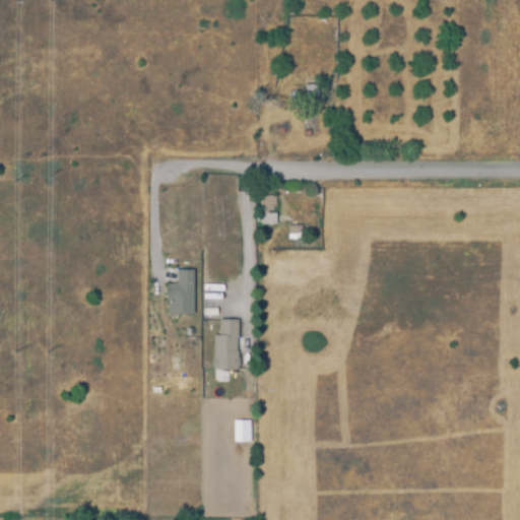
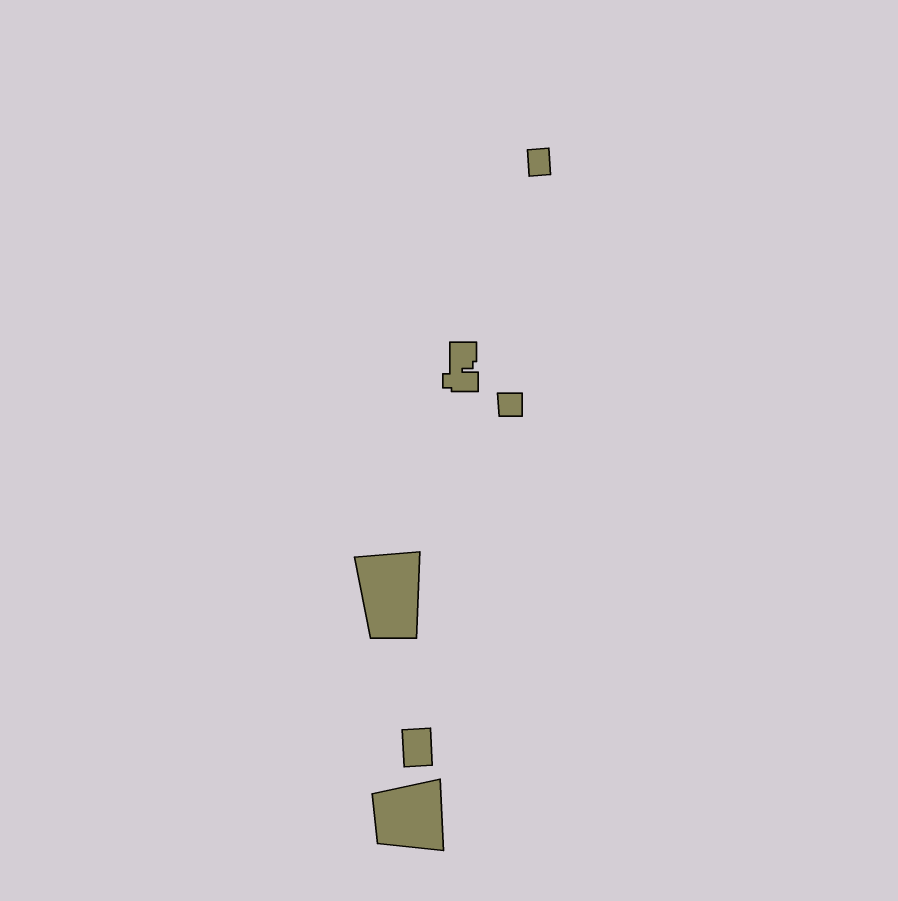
building: [169,269,198,318] -> none
building: none -> [372,779,444,851]

